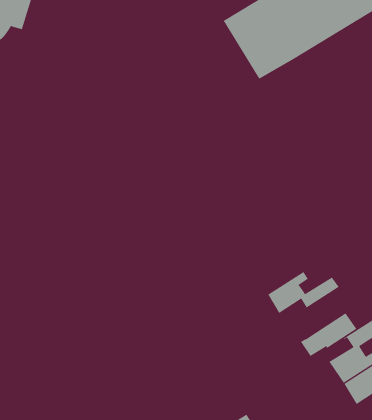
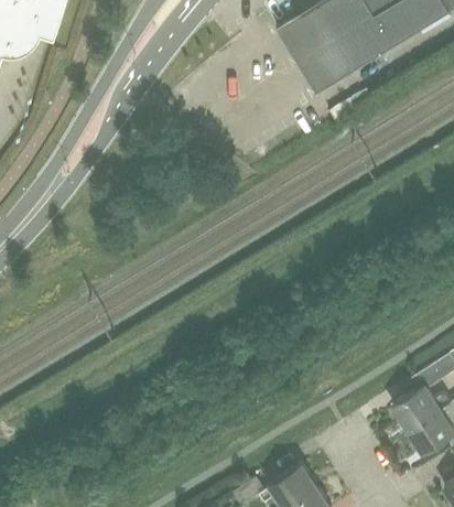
building: [268,271,339,314] -> none
building: [300,313,357,357] -> none

